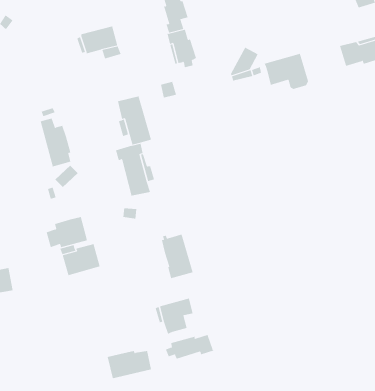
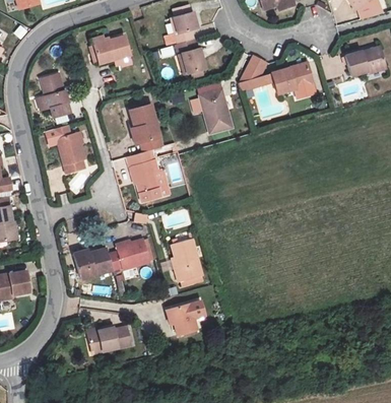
building: none -> [40,72,70,117]
building: none -> [200,88,232,132]
building: [46,216,88,248] -> [109,239,149,269]
building: [165,334,214,360] -> none
building: [107,351,152,379] -> [87,326,131,353]

